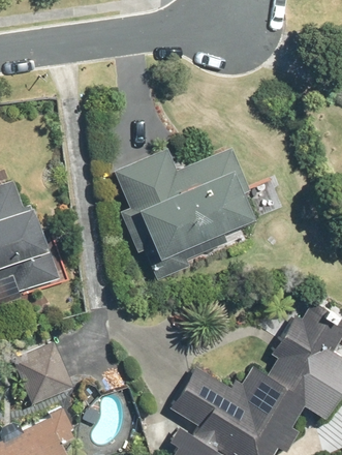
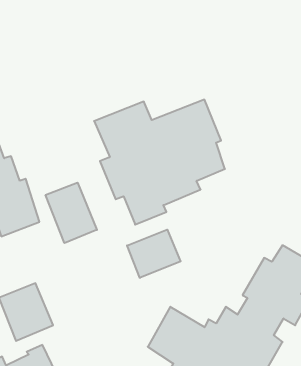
building: none -> [46,183,97,243]
building: none -> [127,230,181,278]

